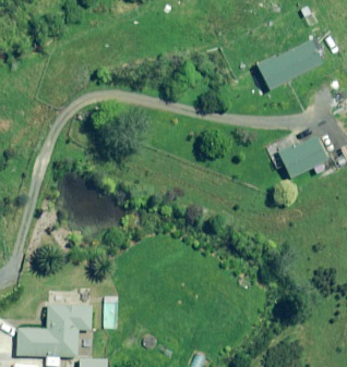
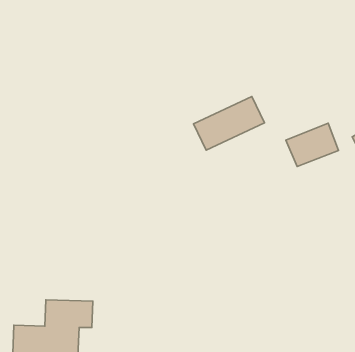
building: [254,38,322,89] -> [194,97,264,150]

